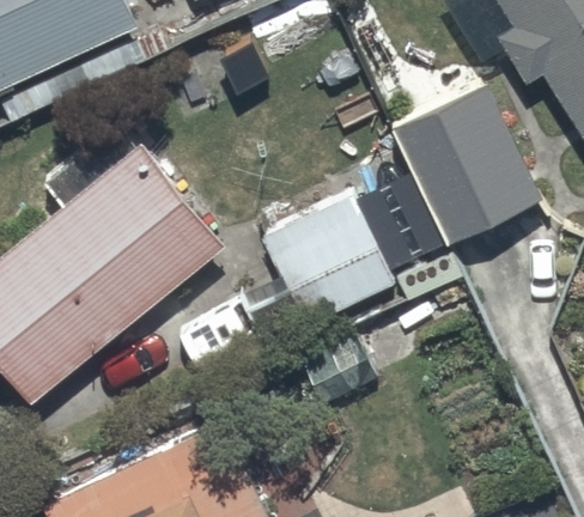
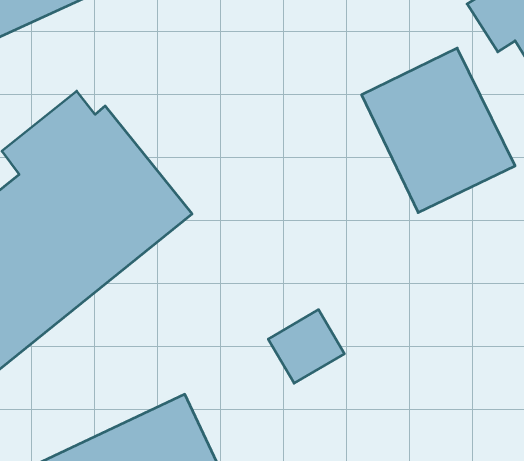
building: [241,193,396,343] -> none

